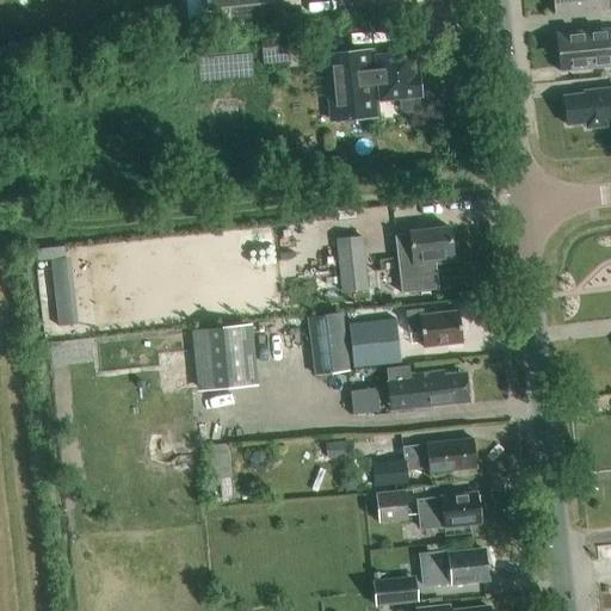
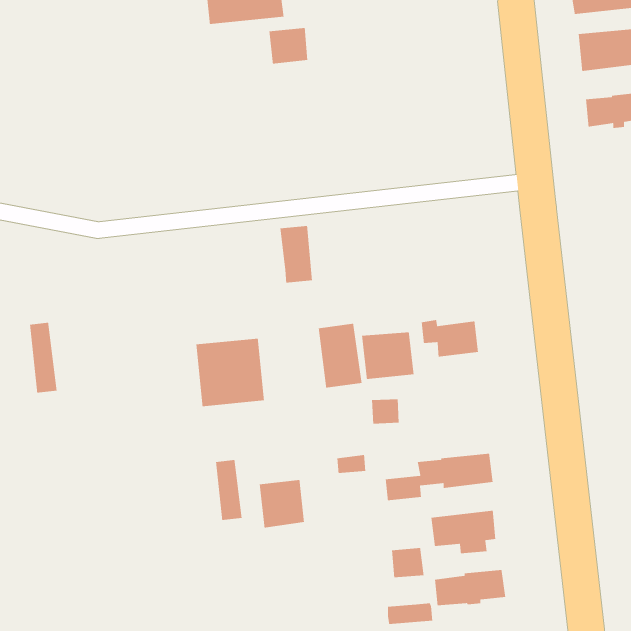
building: [323,48,421,122] -> none
building: [396,226,455,290] -> none
building: [337,235,369,291] -> [279,225,313,283]
building: [51,255,79,325] -> [29,322,58,394]
building: [387,364,470,411] -> none
building: none -> [259,479,305,529]
building: [379,490,412,520] -> [391,547,425,578]

